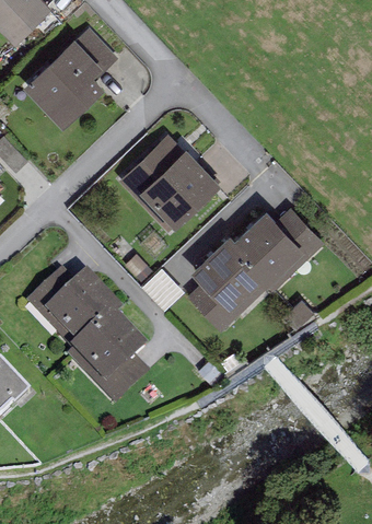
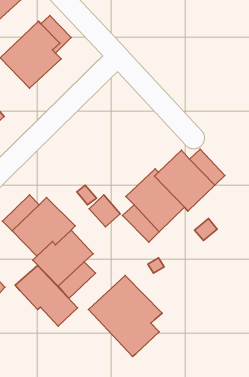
building: [119,133,222,231] -> none
building: none -> [15,265,78,326]
building: none -> [88,275,162,357]

